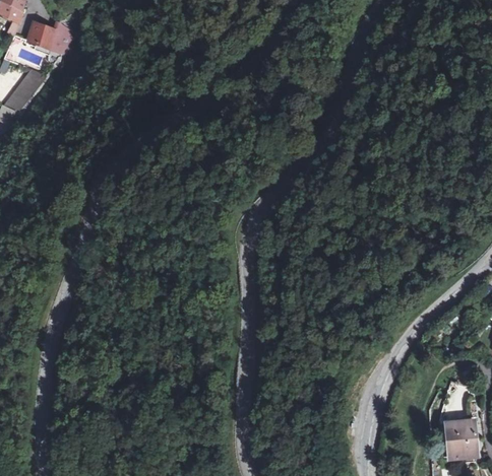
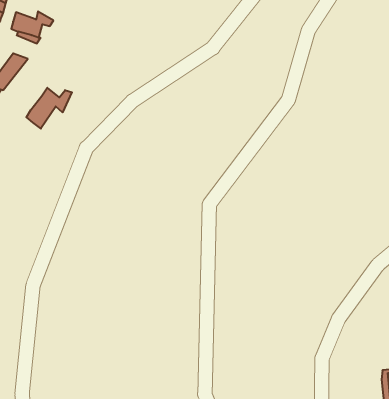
building: none -> [26,88,72,129]

